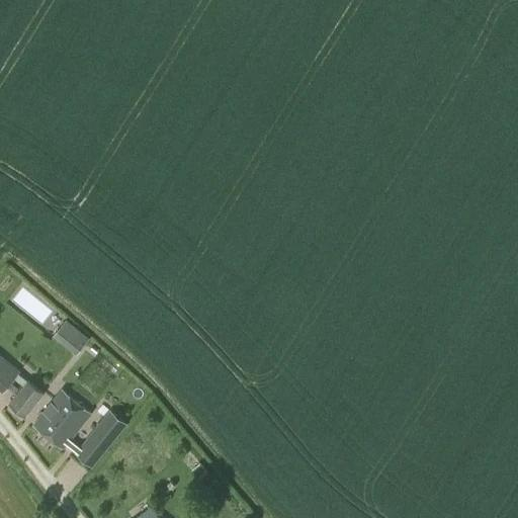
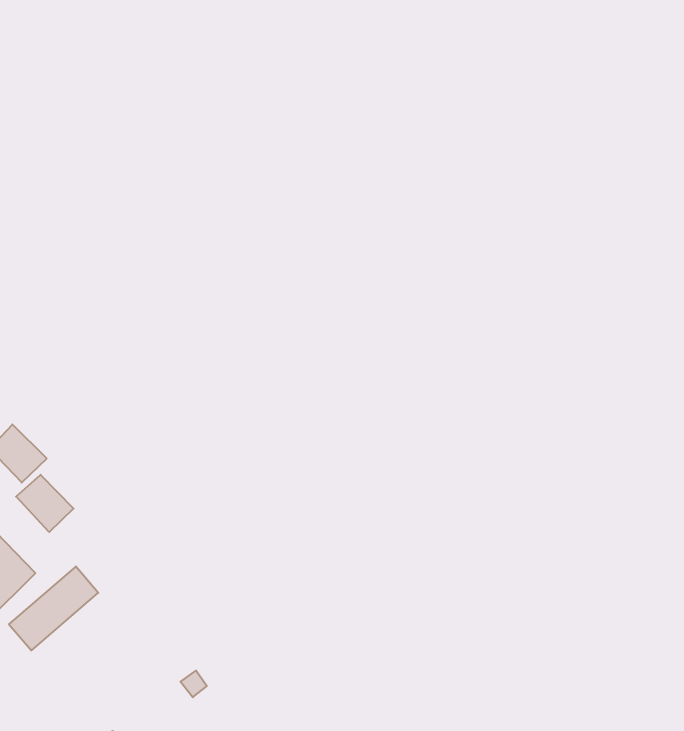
building: none -> [16,475,74,532]

